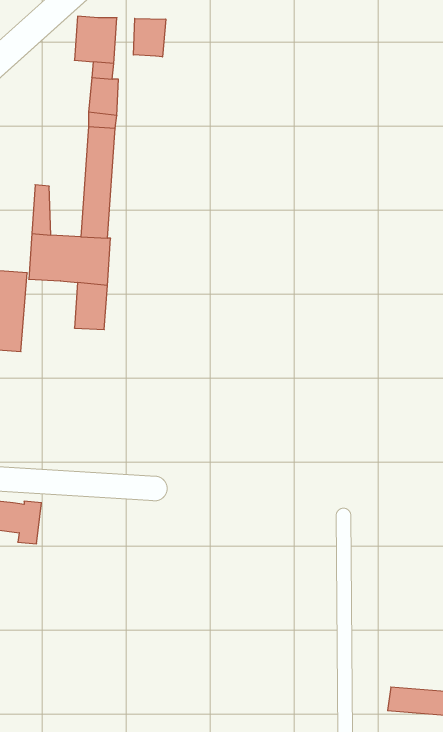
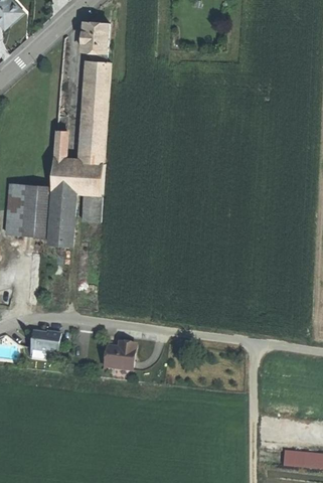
building: [133,18,166,57] -> none
building: none -> [48,189,71,244]
building: none -> [104,341,135,369]

